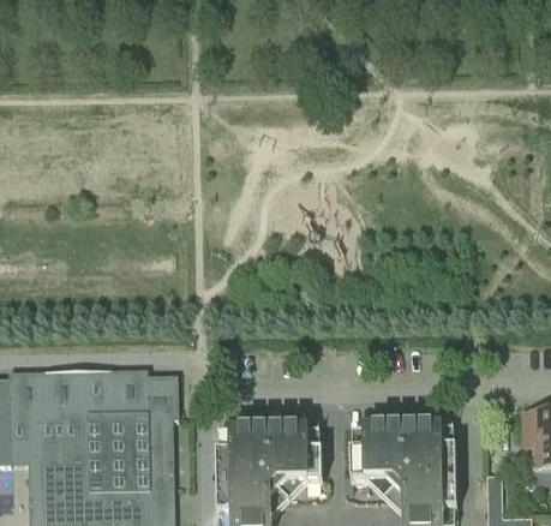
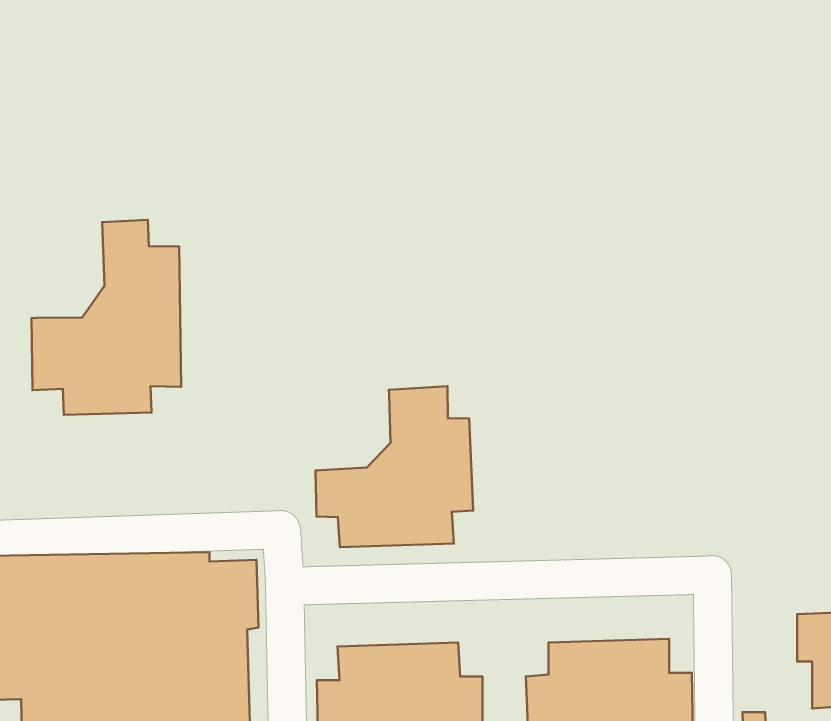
building: none -> [32,220,181,415]
building: none -> [315,386,473,547]

